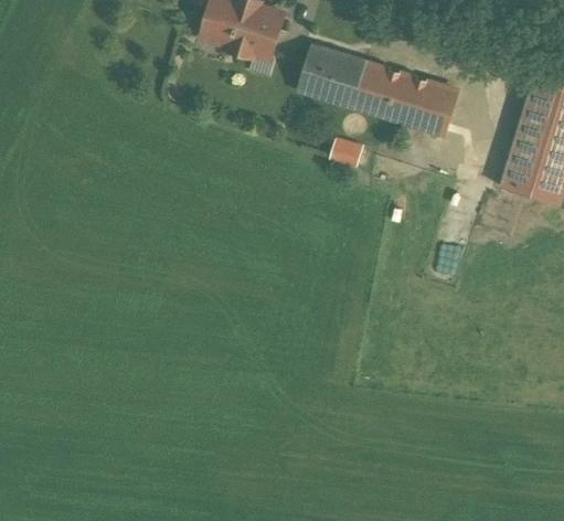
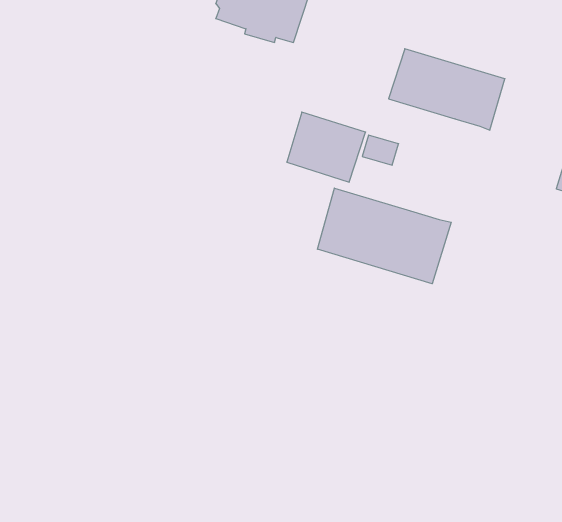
building: [297,45,366,107] -> [287,112,366,182]
building: none -> [317,188,451,284]

